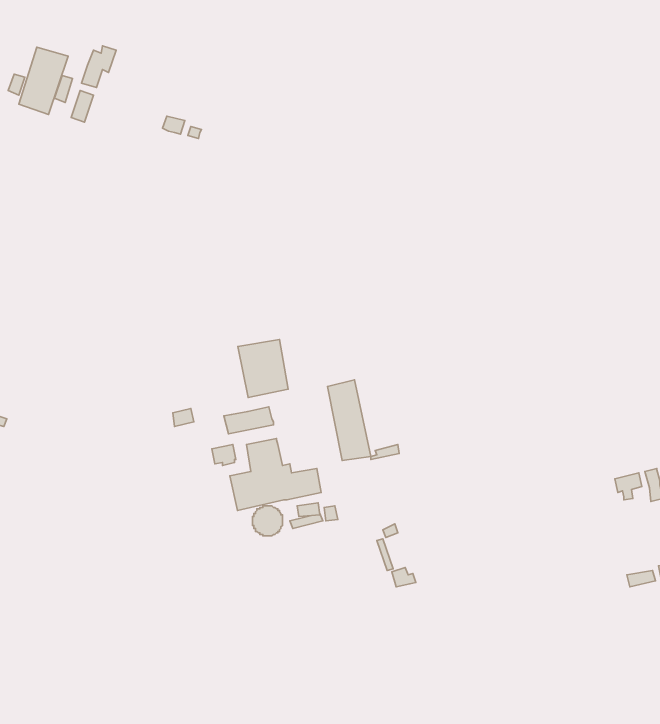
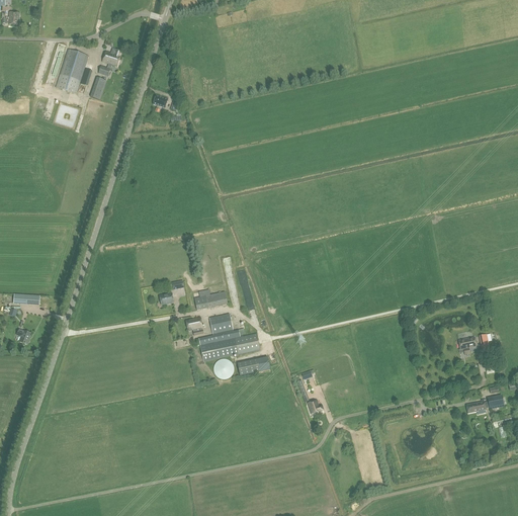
building: [238,340,288,398] -> none
building: [327,380,371,461] -> none

